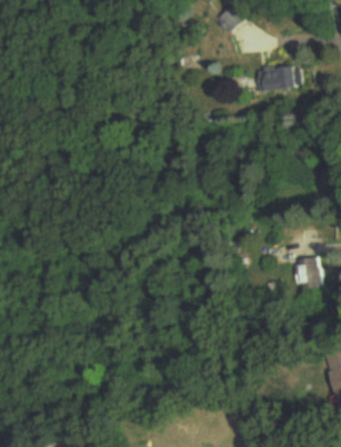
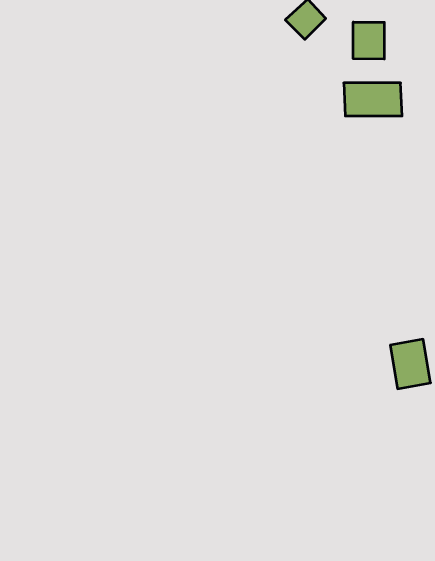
building: none -> [353,22,384,59]

